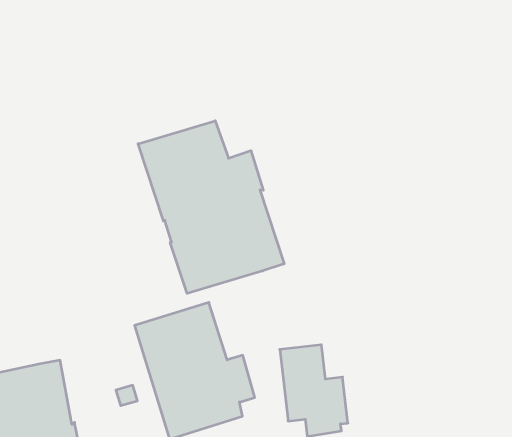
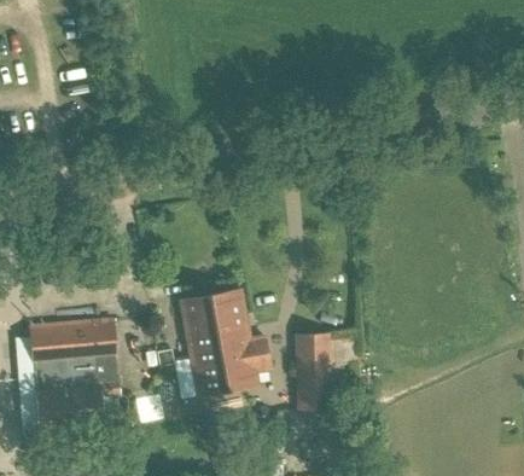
building: [138,121,284,293] -> none

